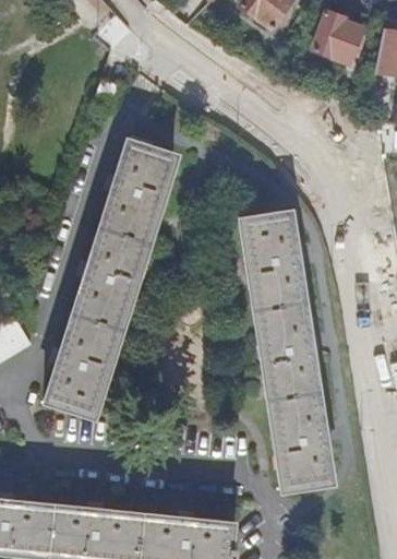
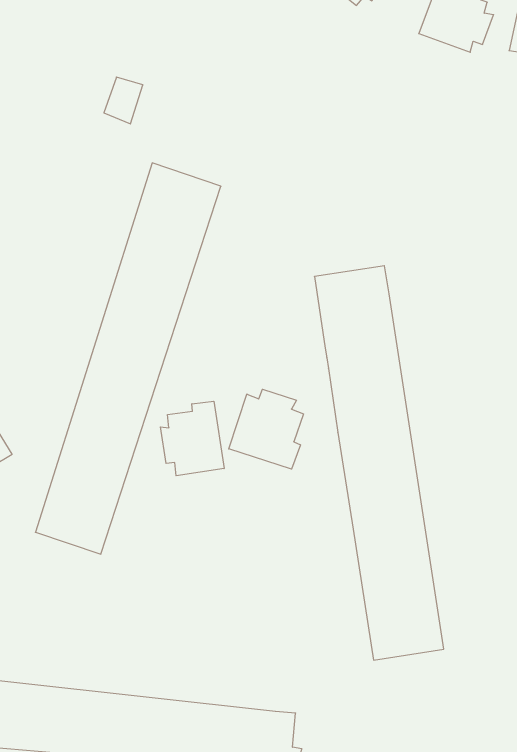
building: none -> [229,389,303,469]
building: none -> [160,401,224,476]

